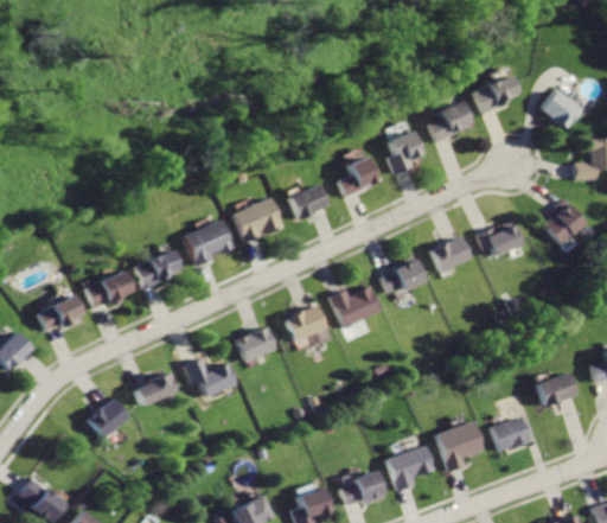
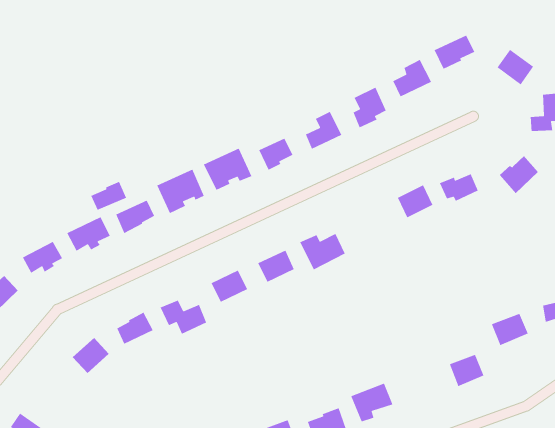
building: none -> [90,181,127,211]
building: [385,261,428,293] -> none
building: [436,422,483,471] -> none

